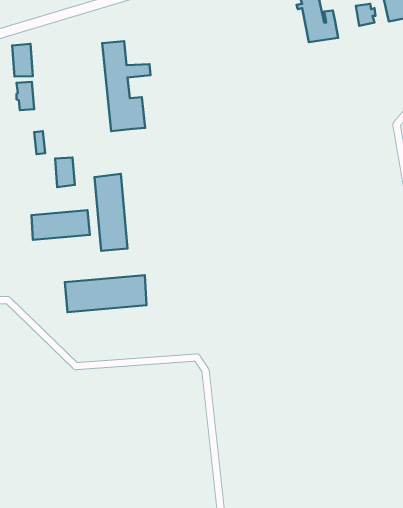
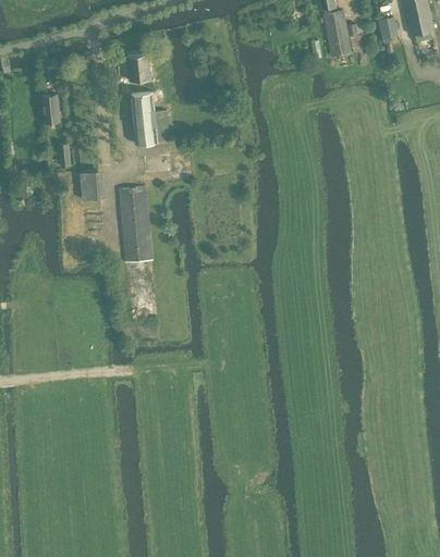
building: [12,44,33,77] -> none
building: [32,210,90,240] -> none
building: [65,275,147,312] -> none

